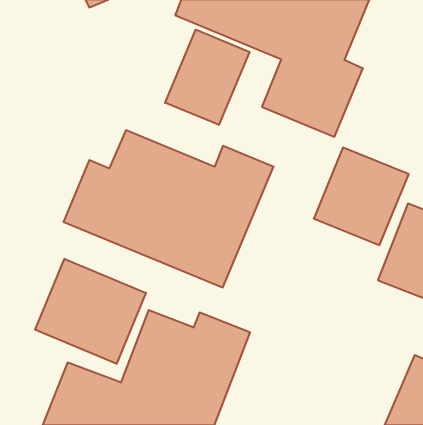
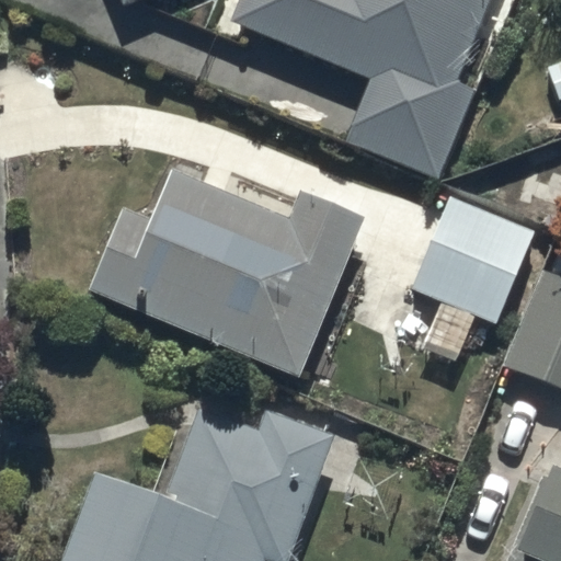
building: [165,30,249,125] -> none
building: [35,259,146,364] -> none

